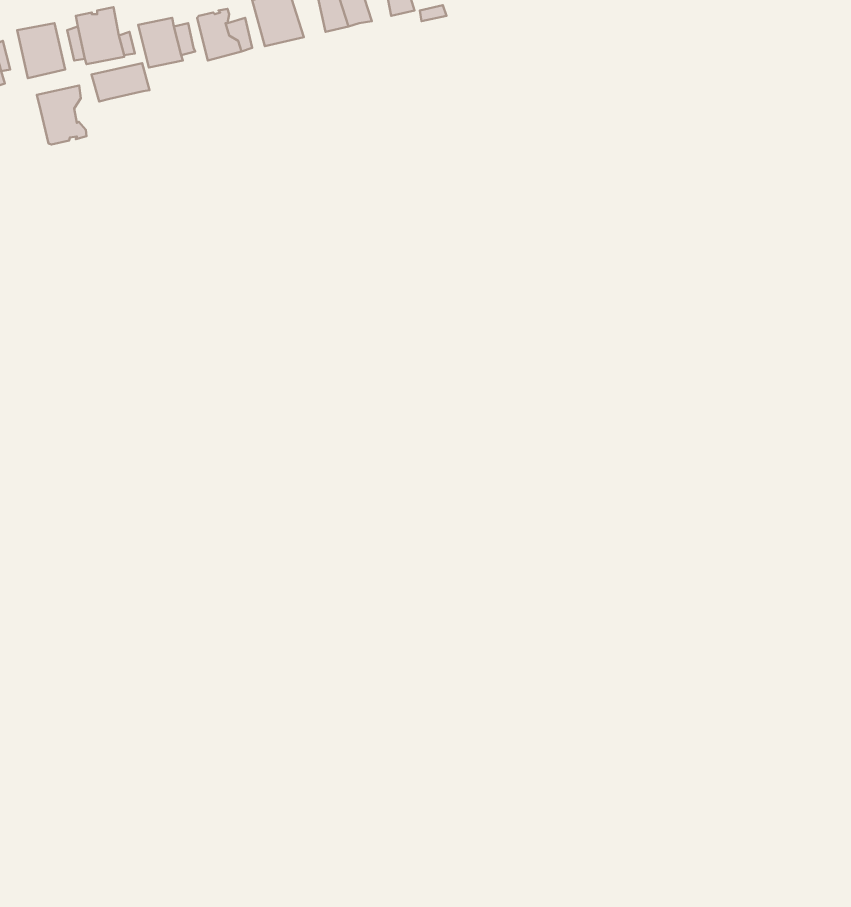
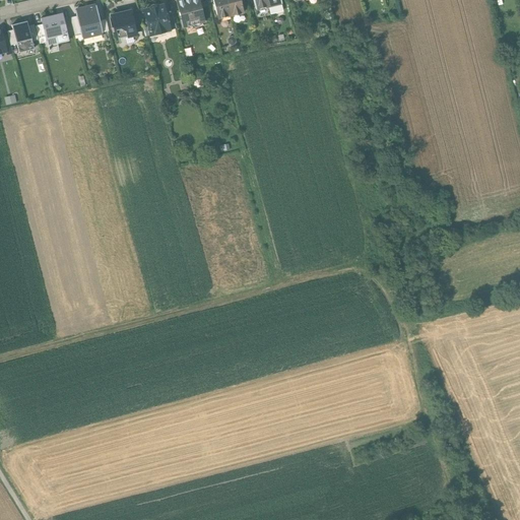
building: [92,63,150,101] -> none
building: [37,85,87,144] -> none

